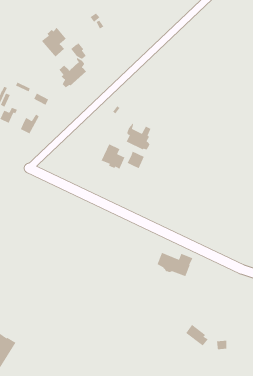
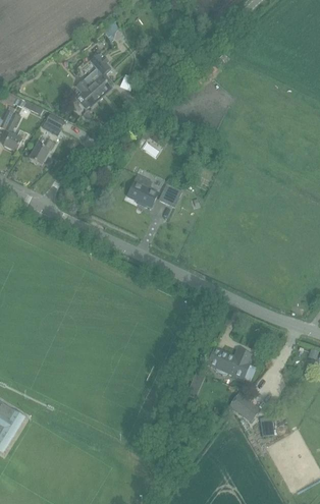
building: [41,27,67,58] -> none
building: [126,122,151,151] -> none
building: [157,252,193,277] -> [207,347,252,378]

